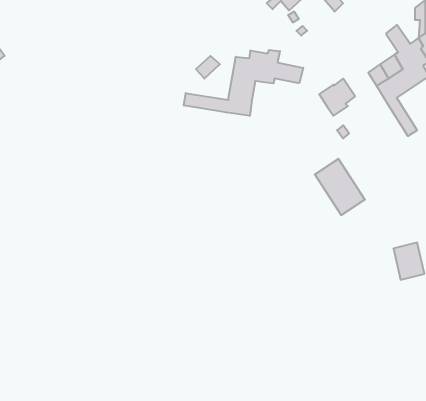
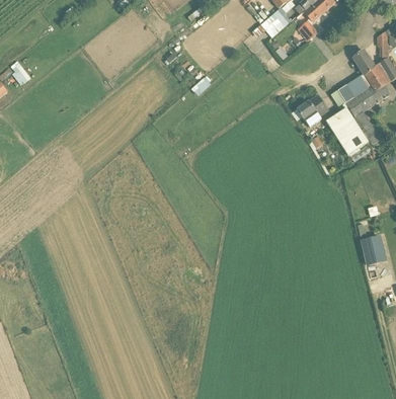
building: [184,50,303,116] -> none
building: [315,159,365,215] -> [325,107,368,155]

